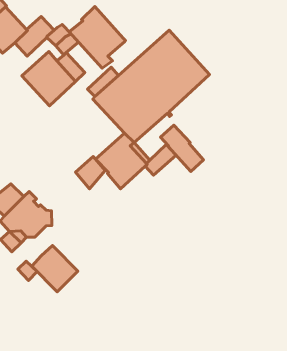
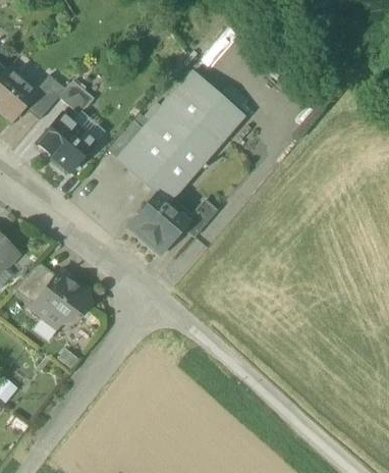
building: [69,6,126,68] -> none
building: [160,125,203,172] -> none
building: [76,156,105,189] -> none
building: [32,246,78,292] -> none

